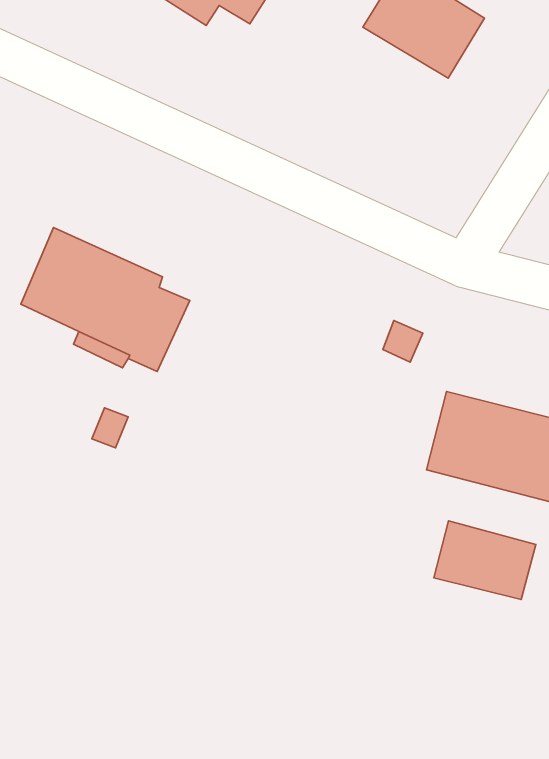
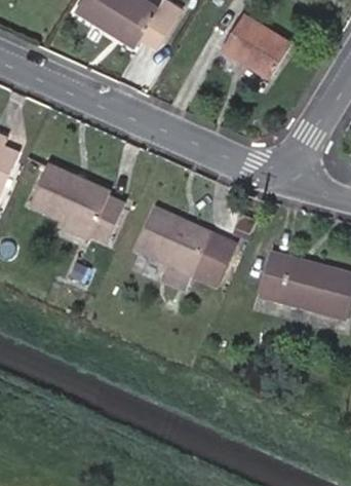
building: none -> [135,208,230,289]
building: [434,521,536,599] -> none

